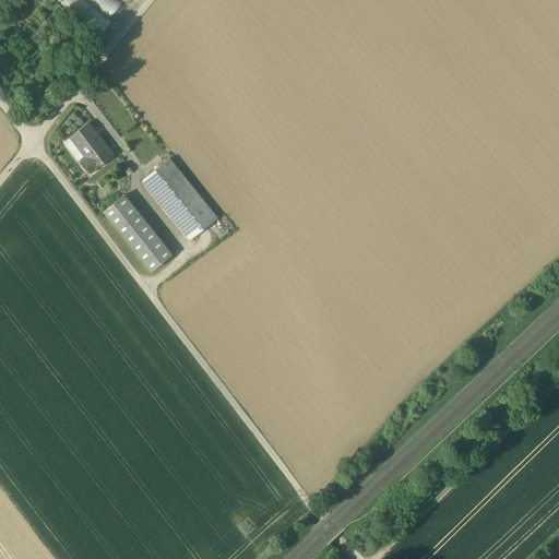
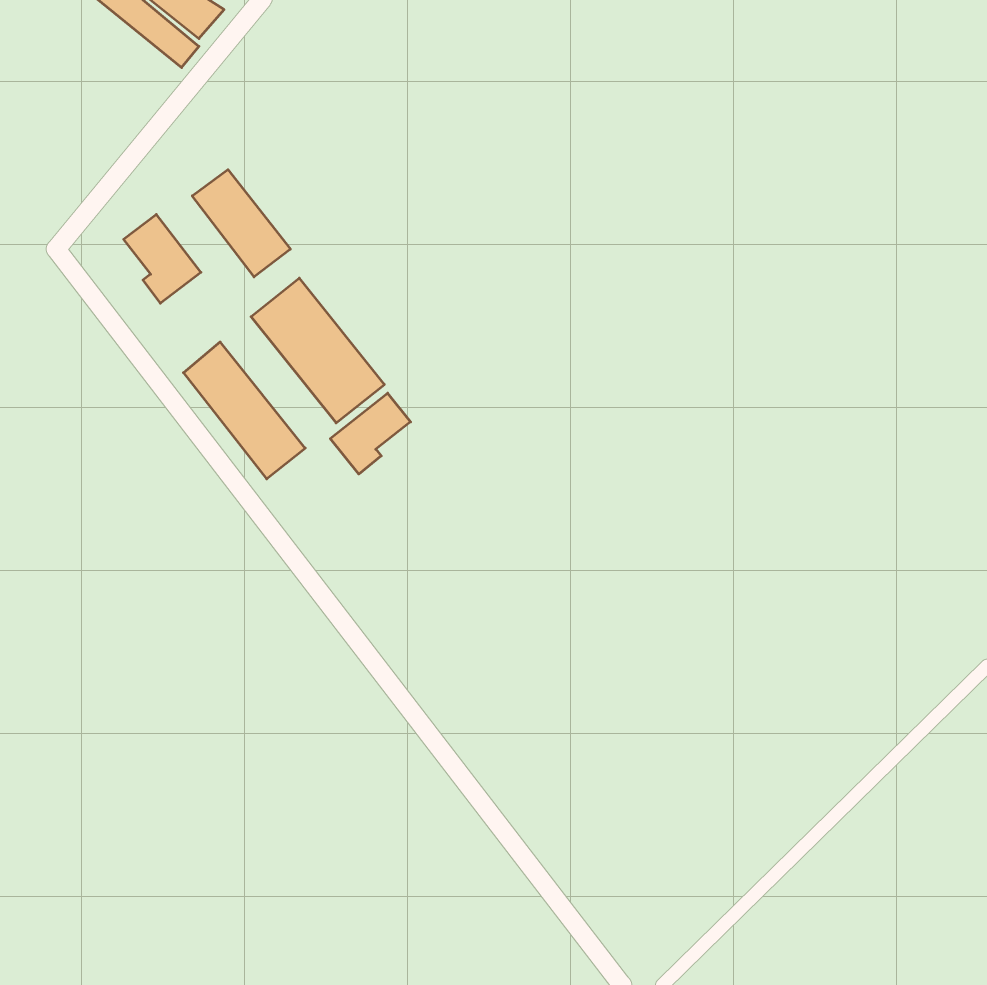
building: none -> [192,170,290,277]
building: none -> [330,393,411,474]

